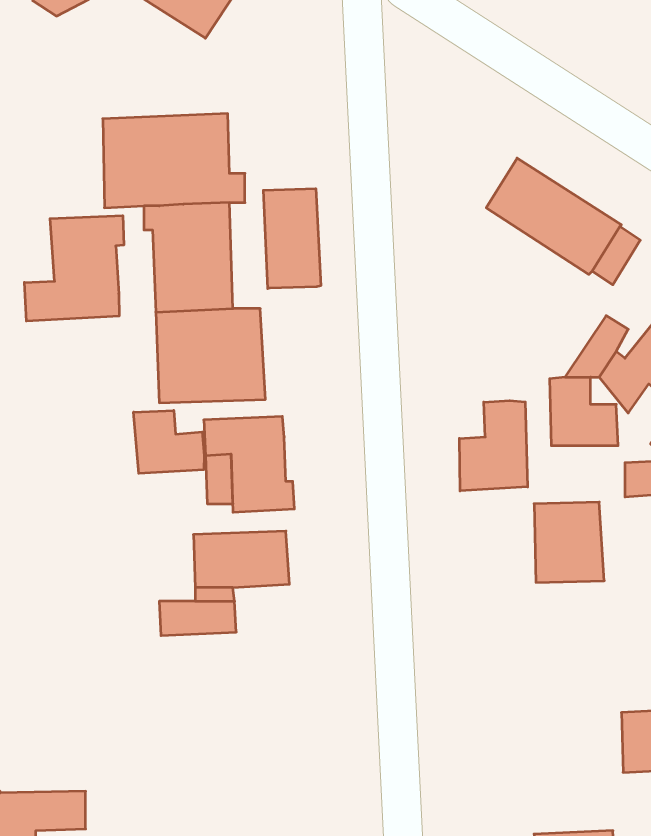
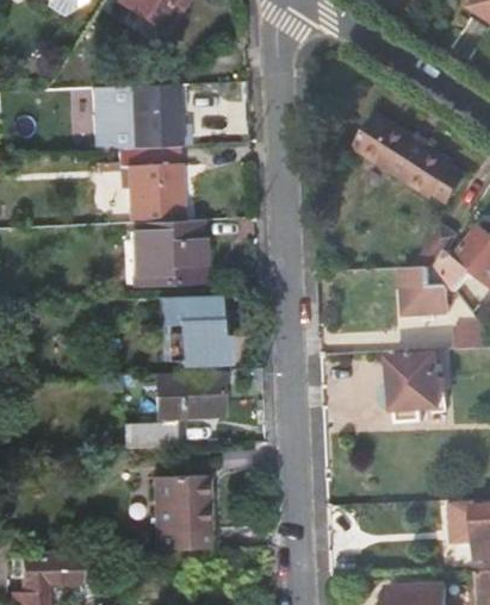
building: [263,189,321,289] -> none
building: [24,216,124,321] -> none
building: [459,401,528,491] -> none
building: [134,410,204,473] -> none
building: none -> [154,475,213,550]

